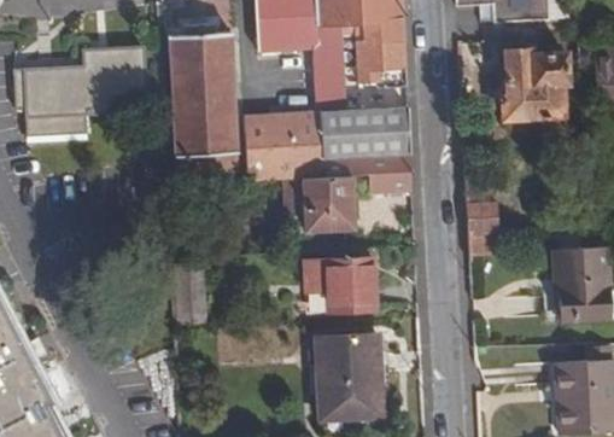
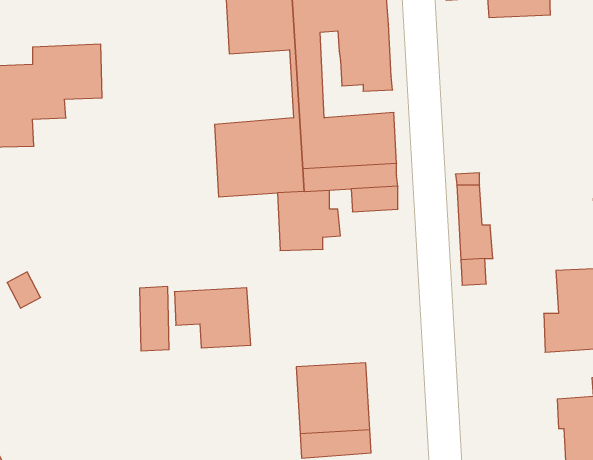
building: [169,31,238,175] -> none
building: [503,51,571,120] -> none
building: [306,256,375,310] -> [174,288,251,348]

